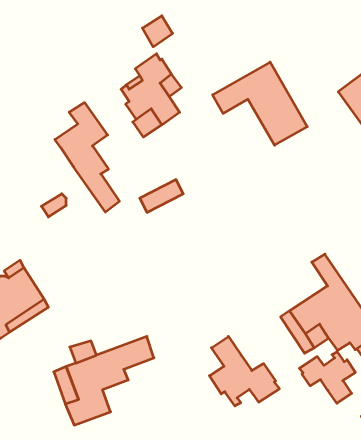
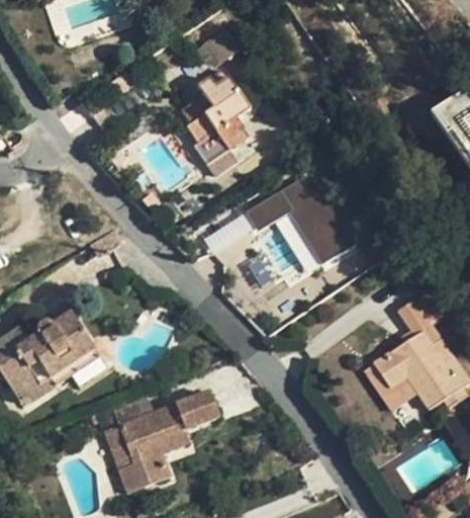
building: [213,62,307,145] -> [247,171,355,266]
building: [55,103,119,212] -> none
building: [209,336,279,406] -> none
building: [299,352,355,403] -> none

